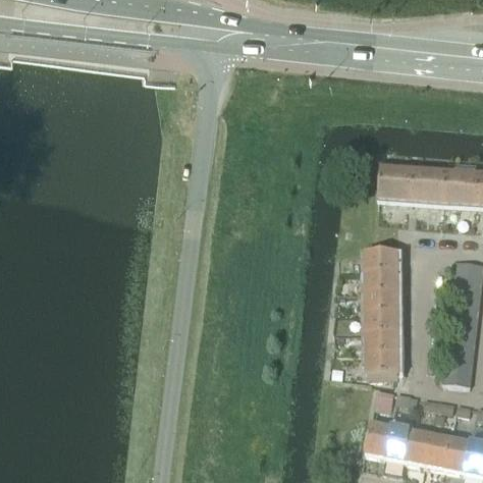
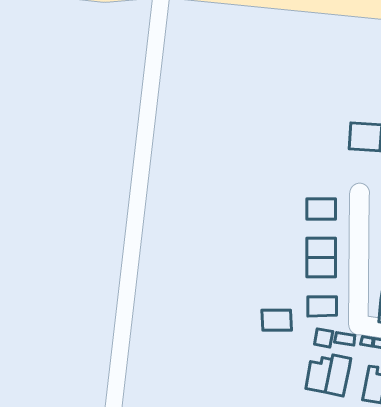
building: [379,170,414,200] -> none
building: [367,274,397,294] -> none
building: [367,335,398,357] -> [262,310,292,330]
building: [406,428,433,466] -> none

